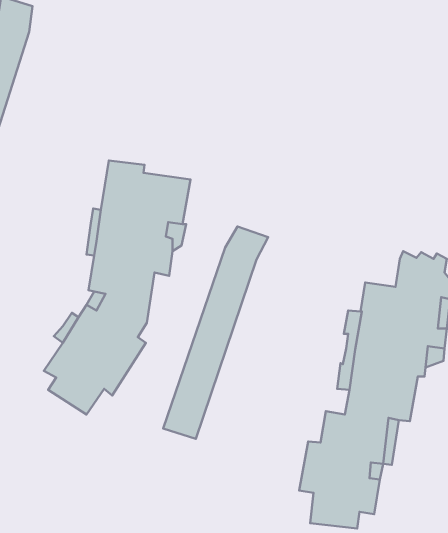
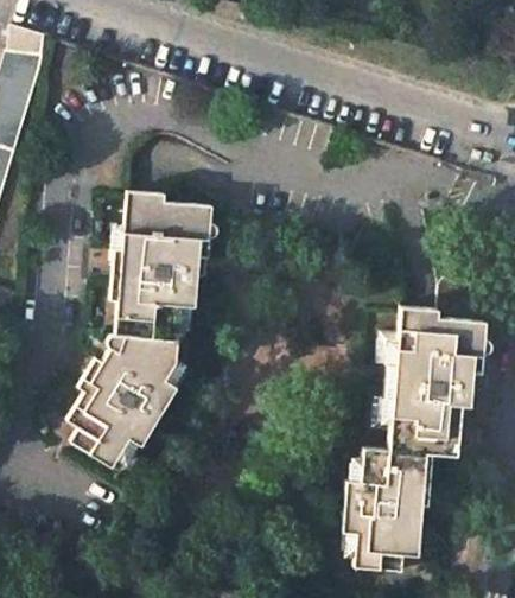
building: [163,227,268,439] -> none

